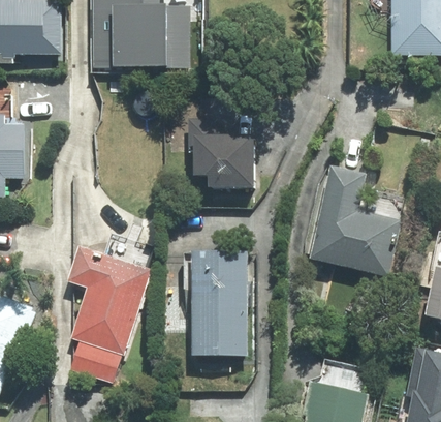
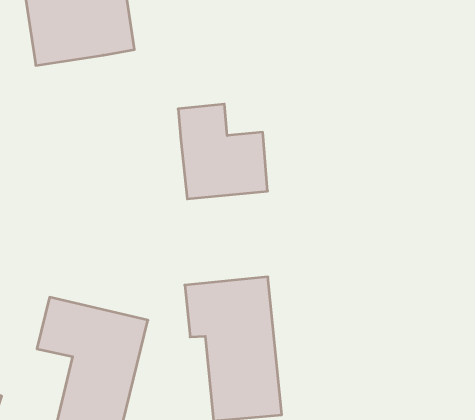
building: [309,170,403,276] -> none

